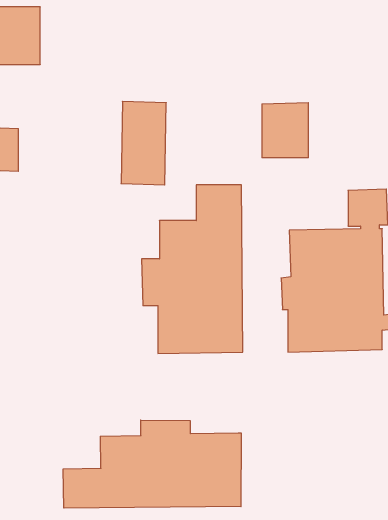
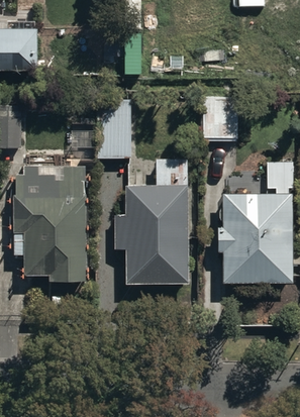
building: none -> [14,167,85,275]
building: [63,420,241,508] -> none

